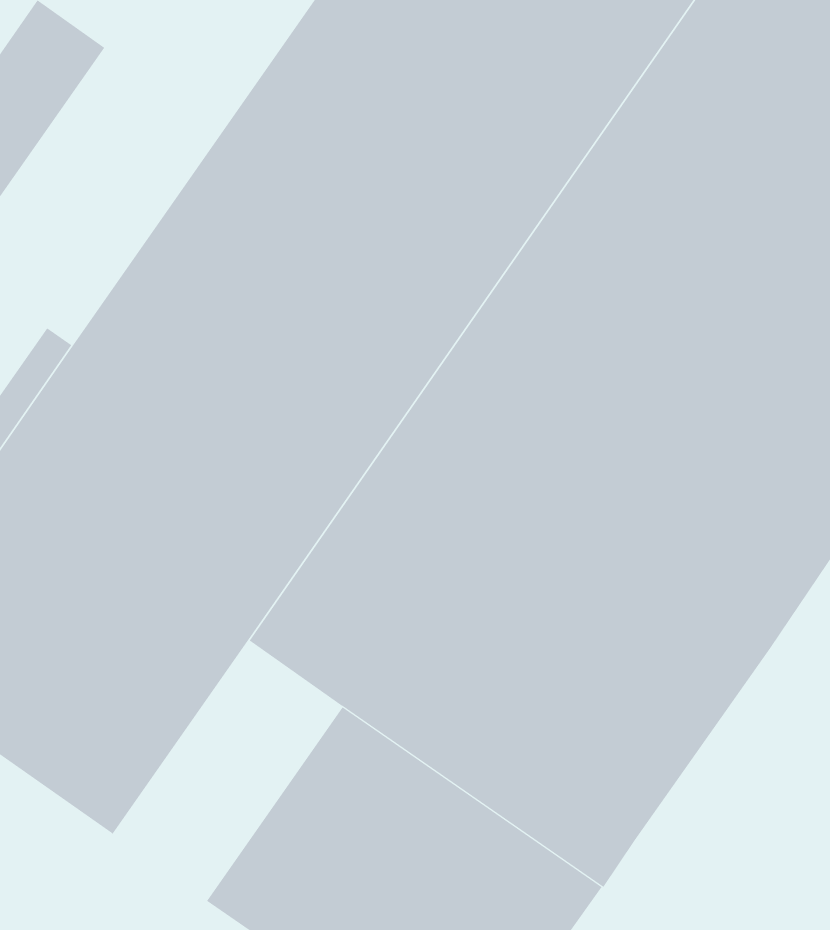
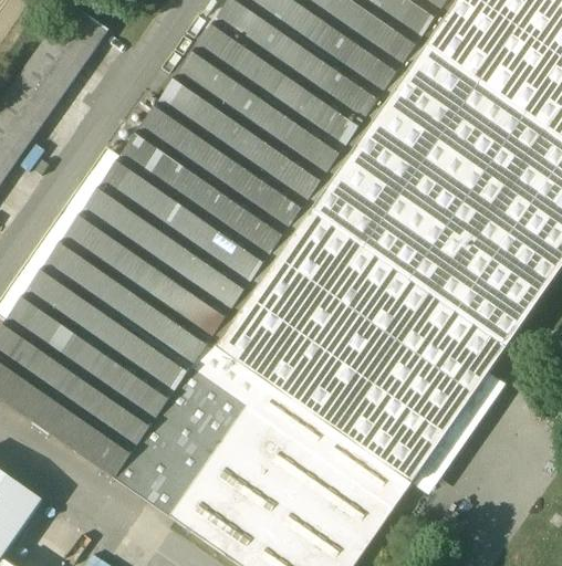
building: none -> [114,367,246,515]
building: none -> [413,371,507,493]

